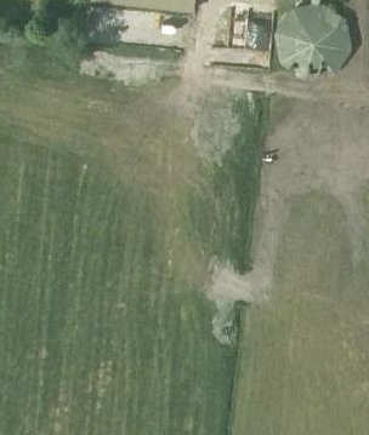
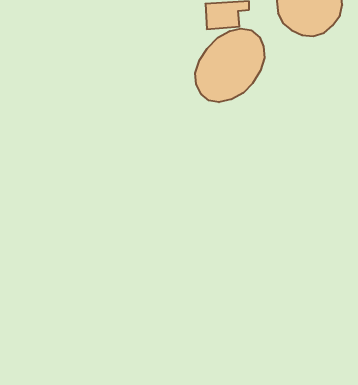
building: none -> [195,29,265,102]

